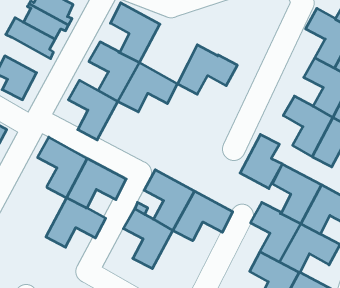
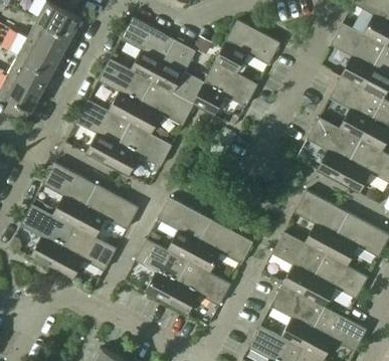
building: none -> [215,20,280,74]
building: none -> [153,40,205,105]
building: none -> [8,54,57,93]
building: none -> [108,124,172,177]
building: [240,134,282,189] -> none
building: none -> [21,204,74,269]
building: none -> [167,262,231,316]

